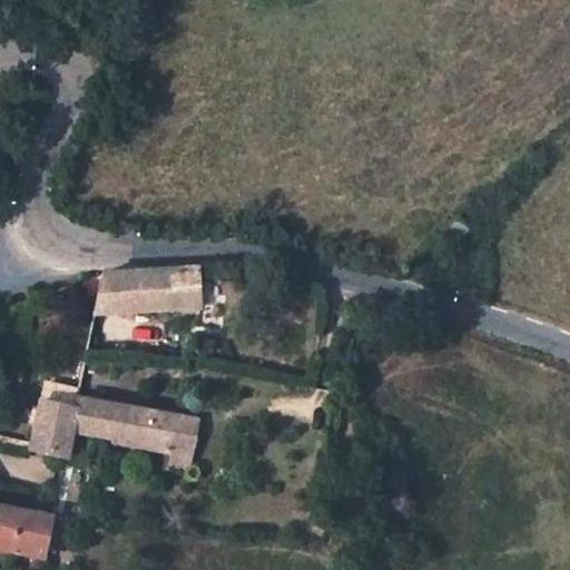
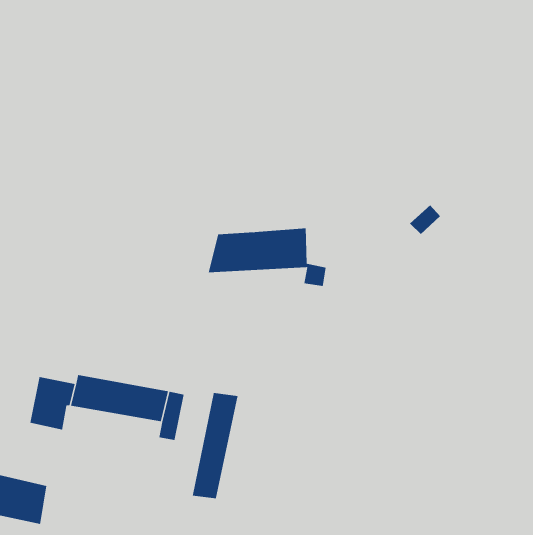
building: [95,265,220,327] -> [208,228,327,286]
building: none -> [192,392,238,499]

